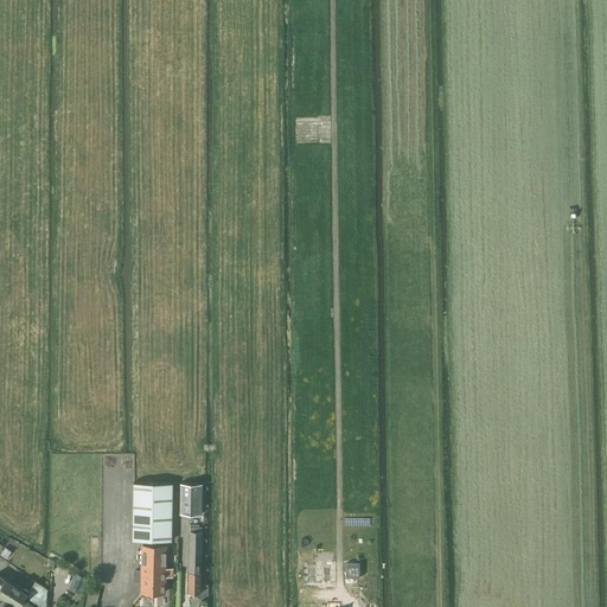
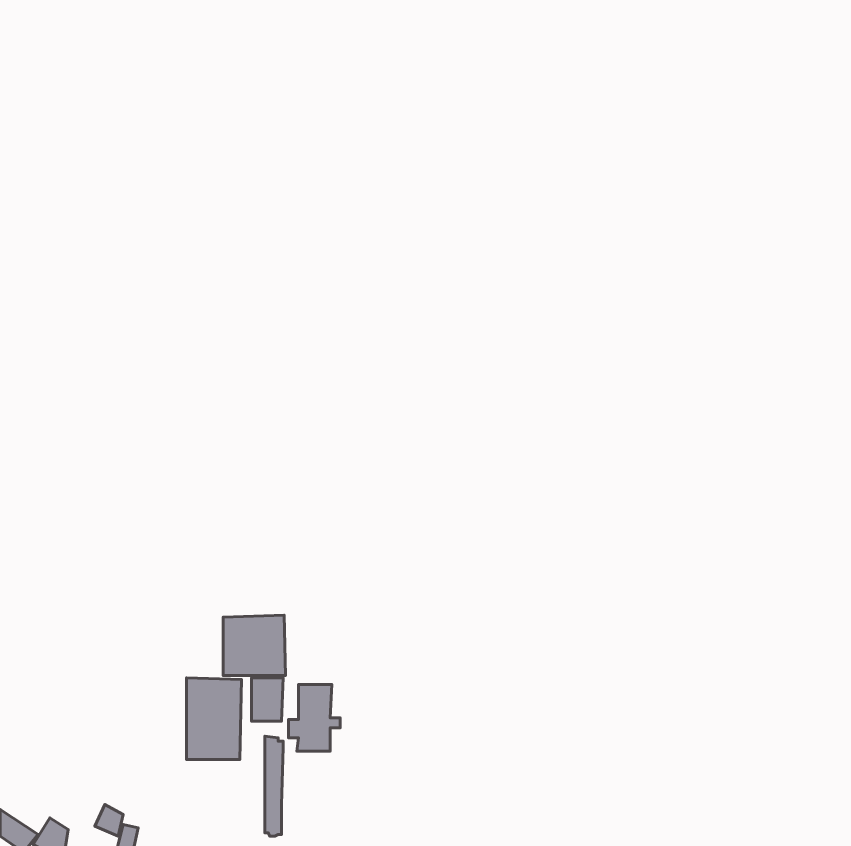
building: none -> [223,615,285,675]
building: [135,549,172,596] -> [289,685,340,751]

